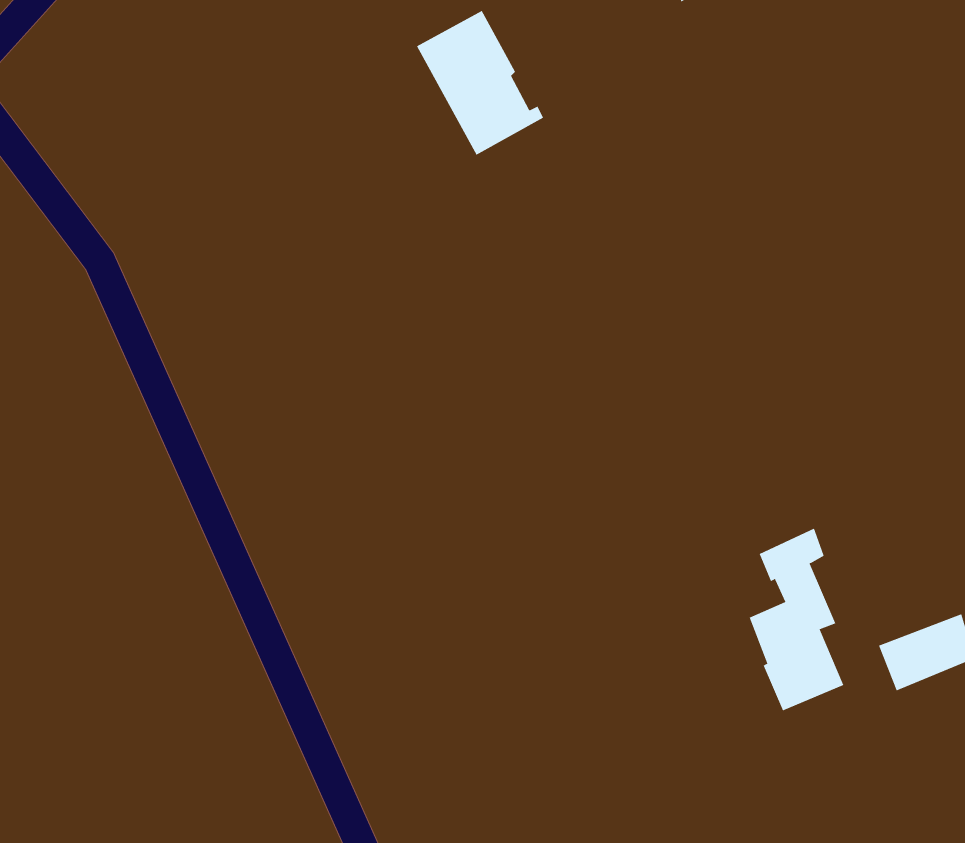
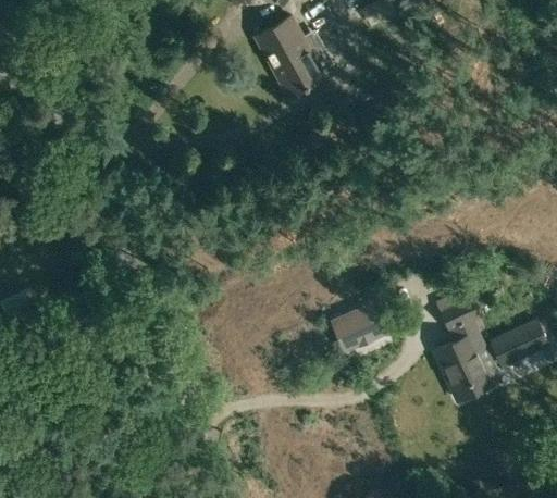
building: none -> [335,301,392,348]
building: none -> [491,320,548,364]

